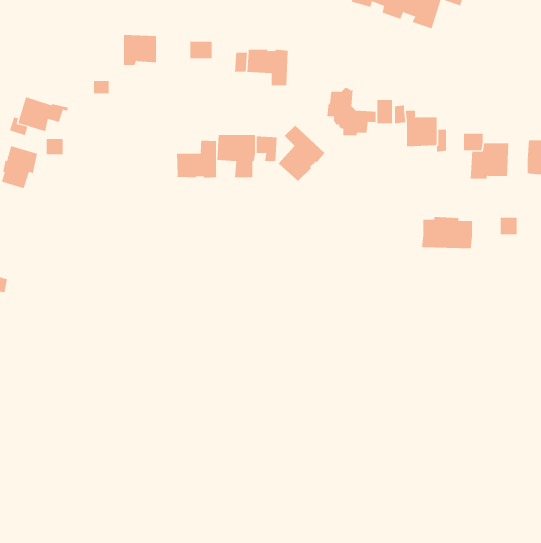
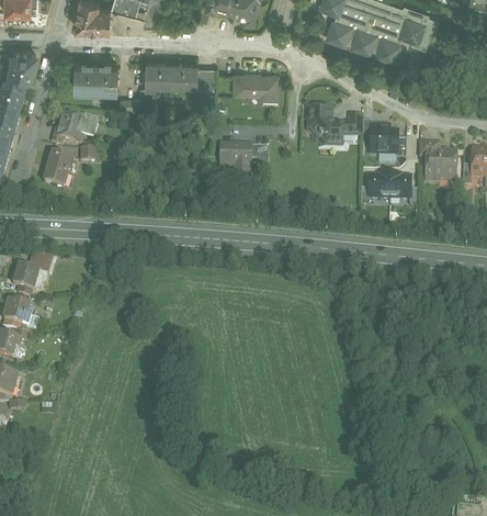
building: none -> [170,63,196,85]
building: none -> [73,64,116,88]
building: [278,125,325,182] -> none
building: [176,140,217,179] -> none
building: [421,216,473,249] -> [369,171,410,198]

